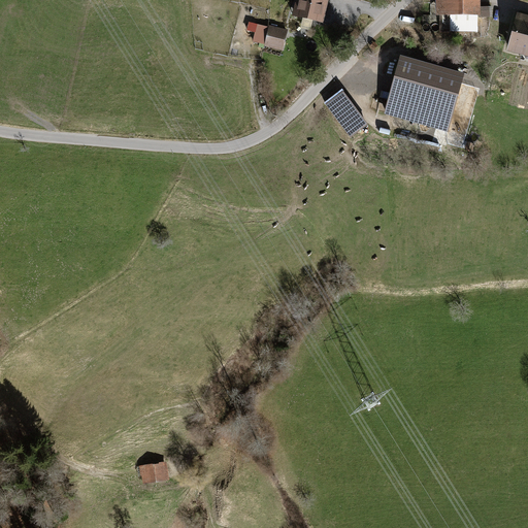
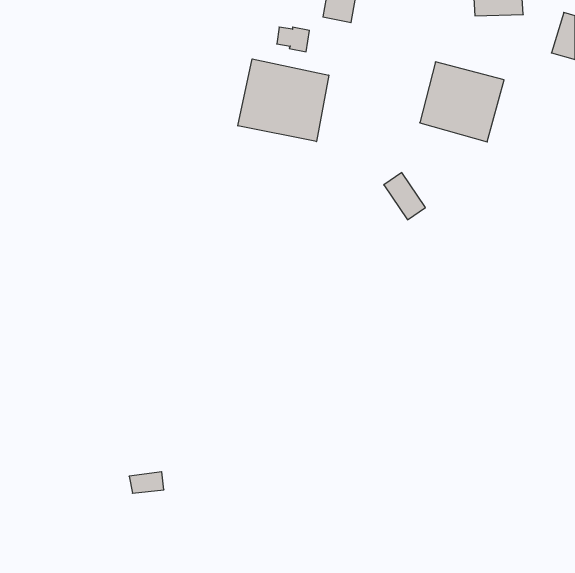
building: none -> [238,59,329,142]
building: [327,92,365,135] -> [384,173,425,220]
building: [136,462,168,482] -> [129,472,164,493]

